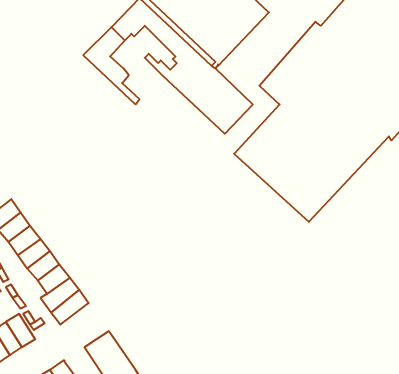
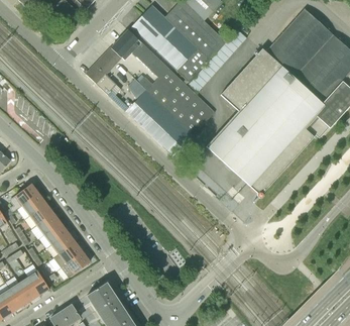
building: none -> [125,88,193,154]

